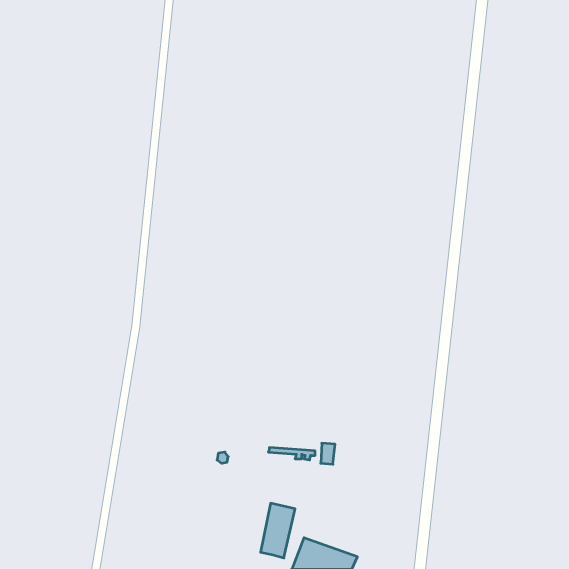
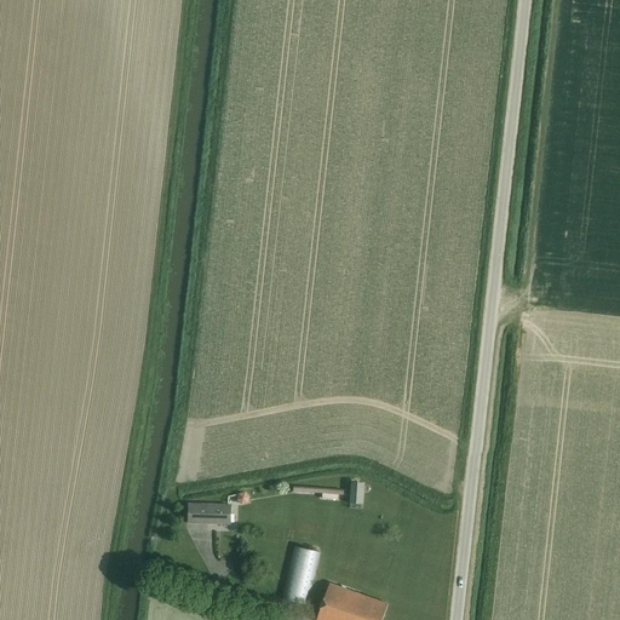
building: none -> [186,503,230,524]

